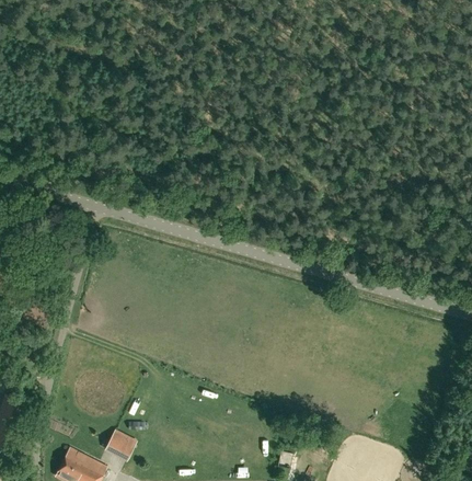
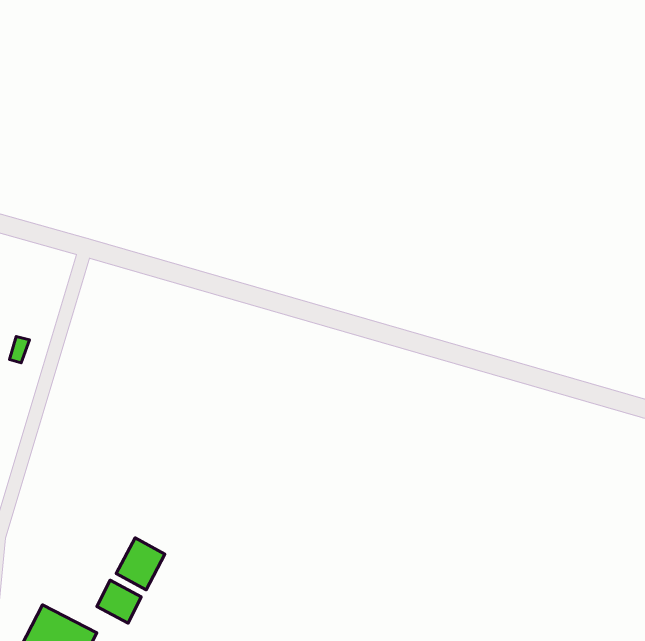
building: none -> [116,538,165,590]

